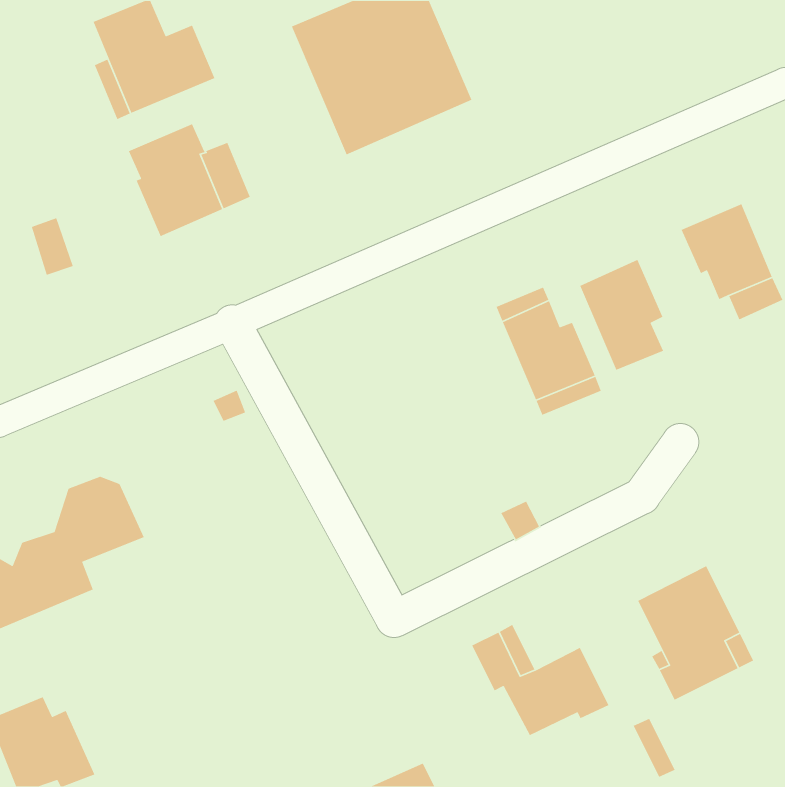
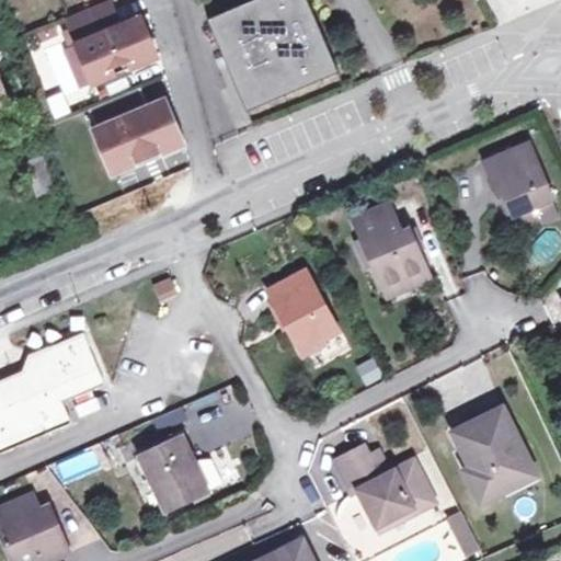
building: [579,259,664,371] -> none
building: none -> [267,271,337,350]
building: none -> [139,436,206,510]

